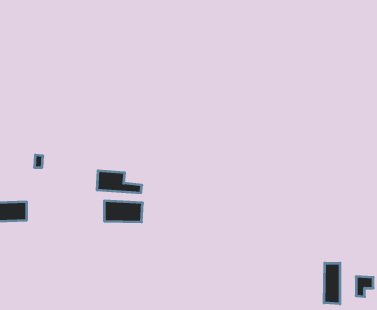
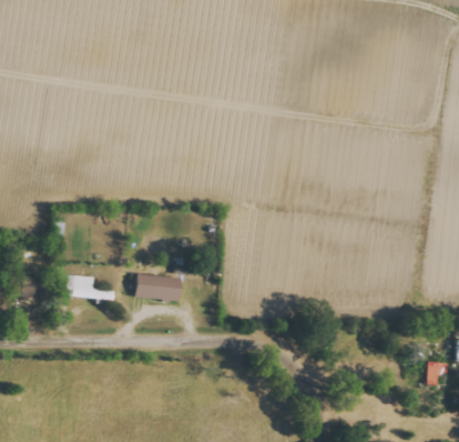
building: [97,171,142,193] -> [62,274,114,300]
building: [324,263,340,304] -> none

